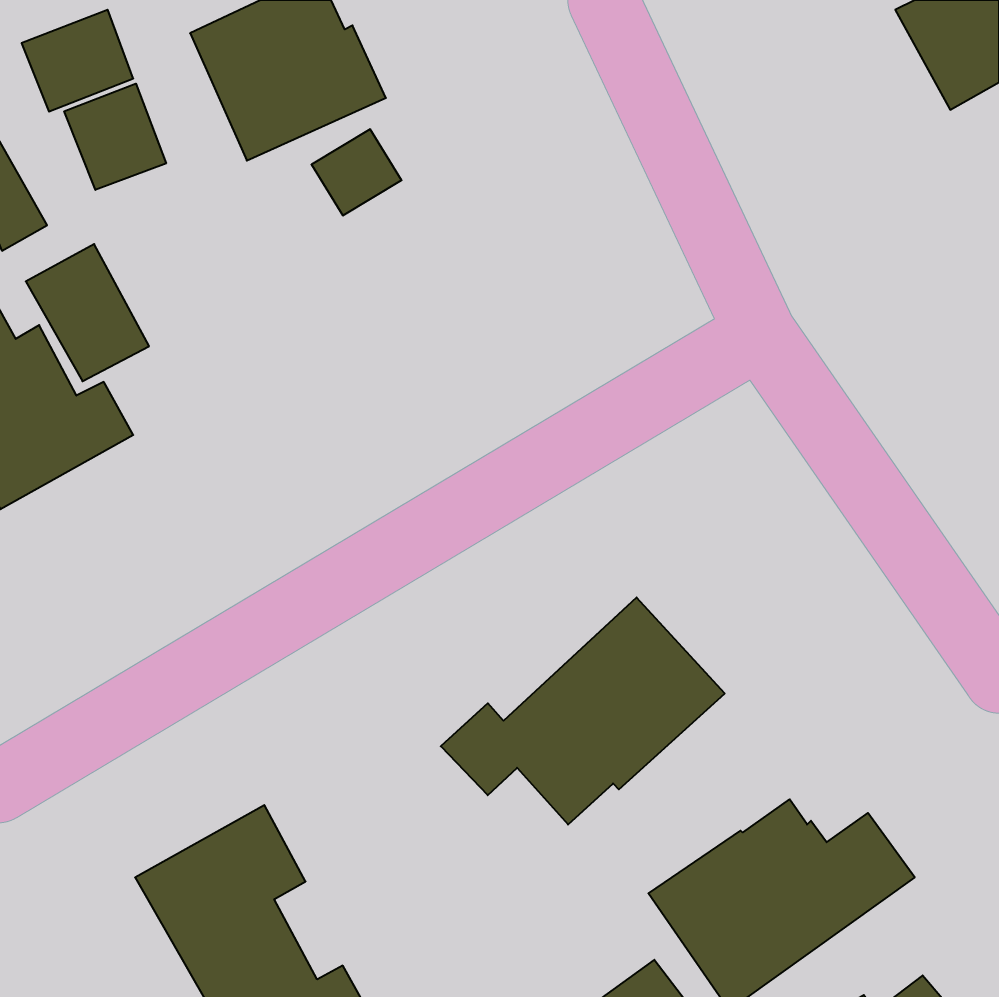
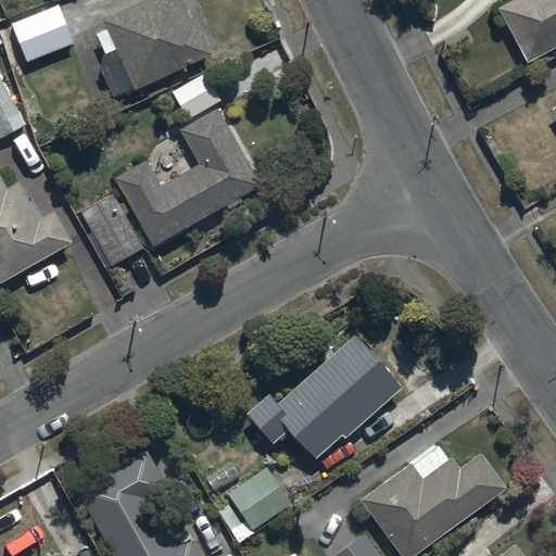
building: [64,84,166,190] -> none
building: none -> [116,110,265,249]
building: [26,244,149,381] -> [77,194,146,270]
building: none -> [224,465,291,531]

